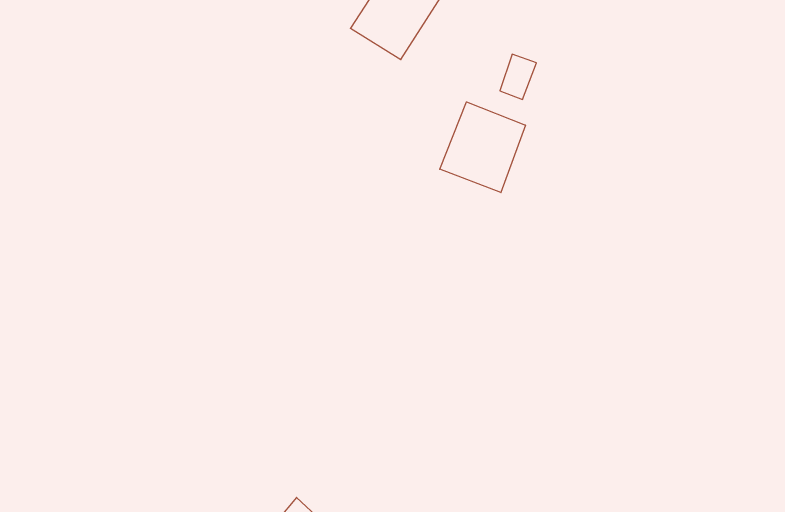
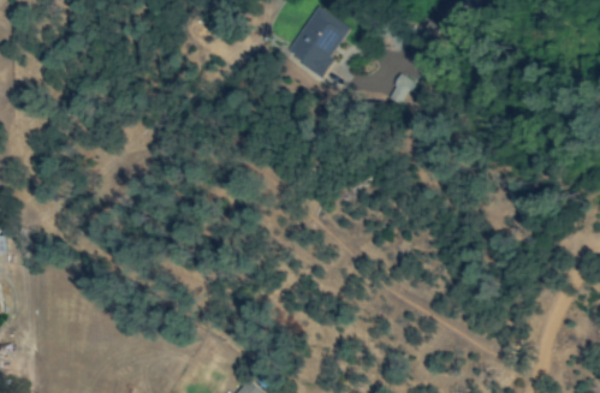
building: [440,102,525,193] -> none

